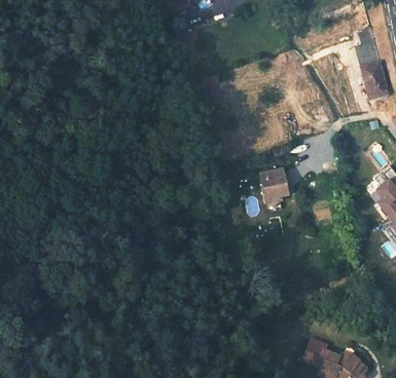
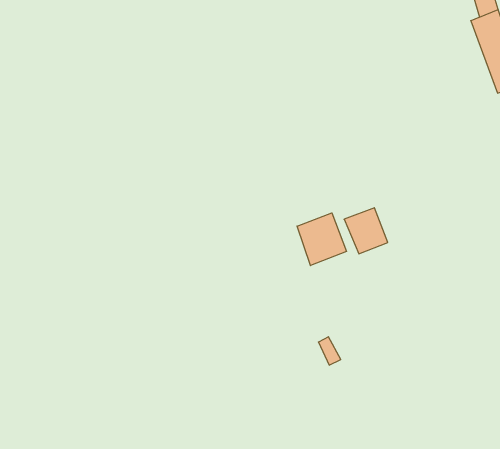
building: none -> [297,213,347,266]

